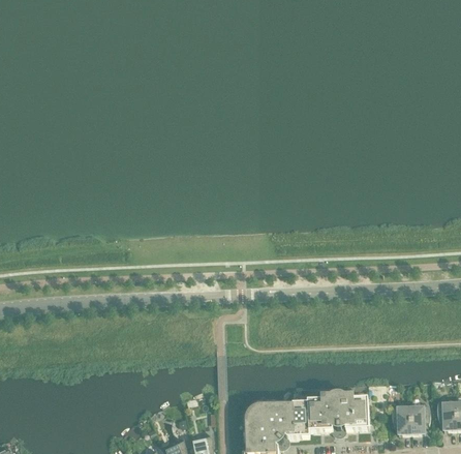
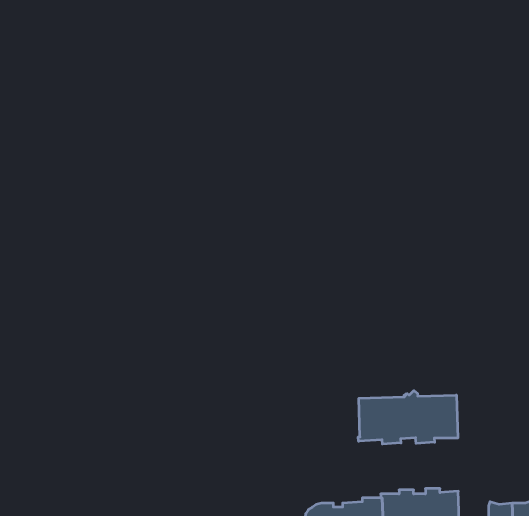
building: none -> [358,391,458,444]

